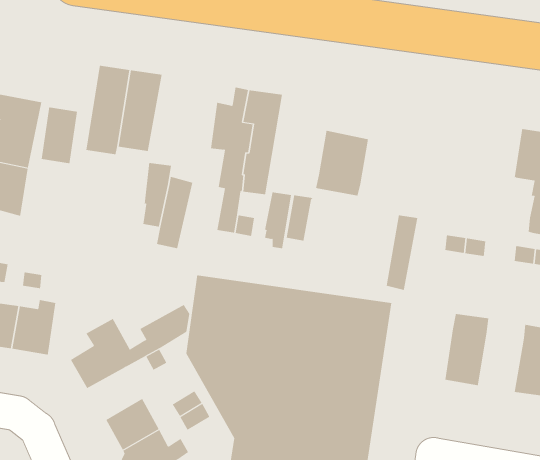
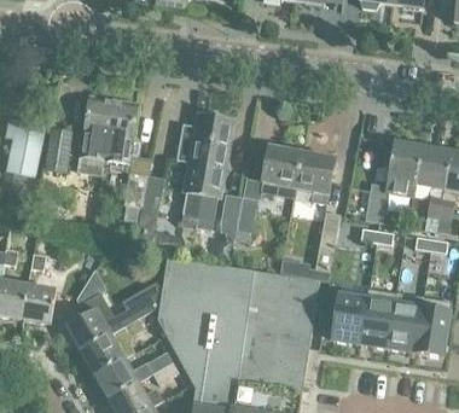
building: none -> [367,139,422,221]
building: none -> [296,152,336,203]
building: none -> [335,296,367,341]
building: none -> [388,303,423,350]
building: none -> [81,331,124,372]

